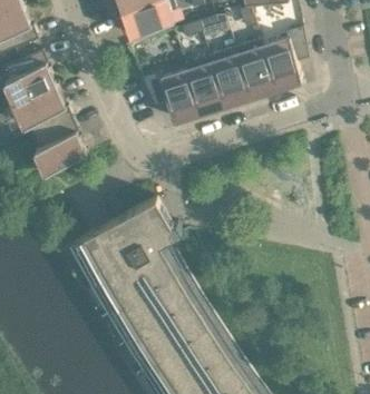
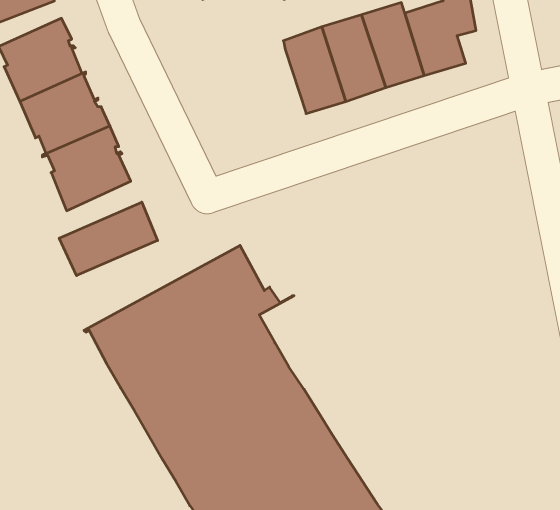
building: [140,70,198,119] -> none
building: none -> [59,202,158,276]

